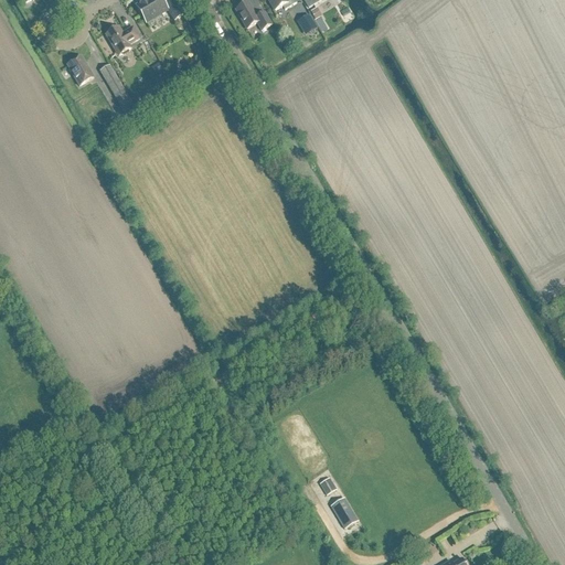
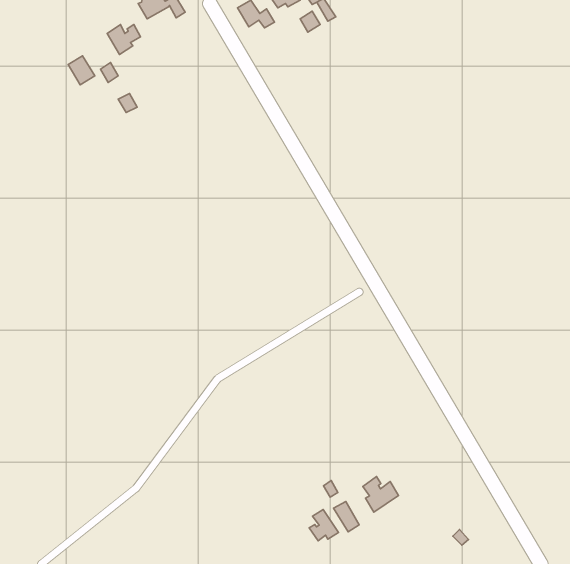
building: none -> [363,477,399,512]
building: none -> [309,510,339,541]

